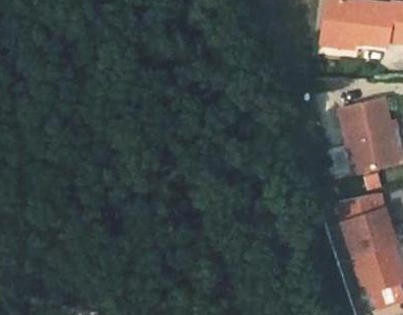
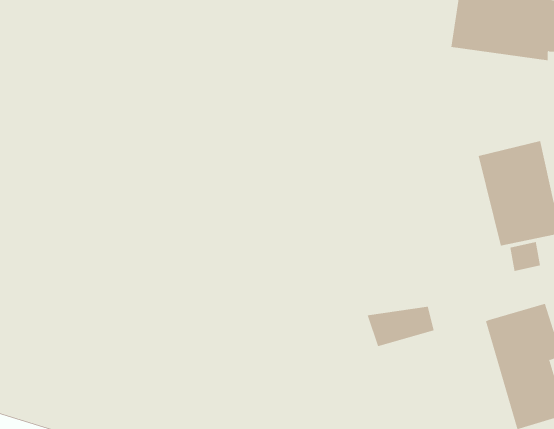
building: [340,194,386,222] -> [367,306,435,347]

